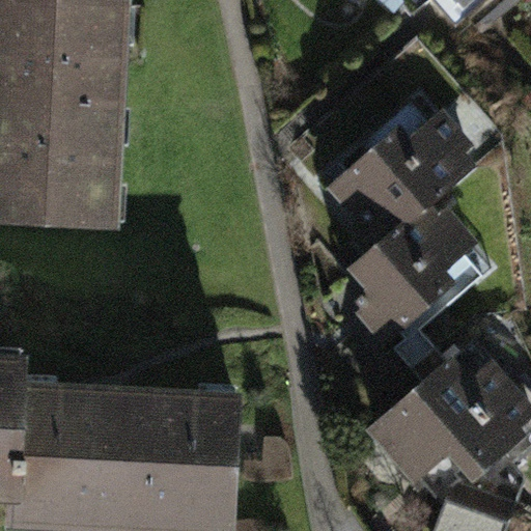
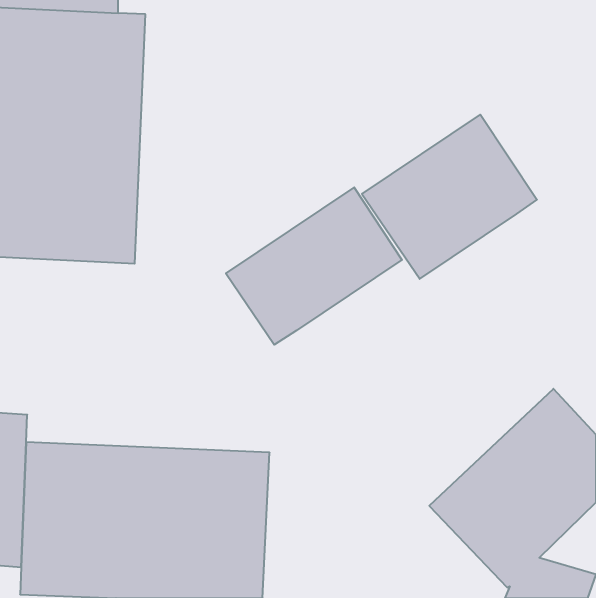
building: none -> [226,187,402,345]
building: [350,188,504,332] -> none

